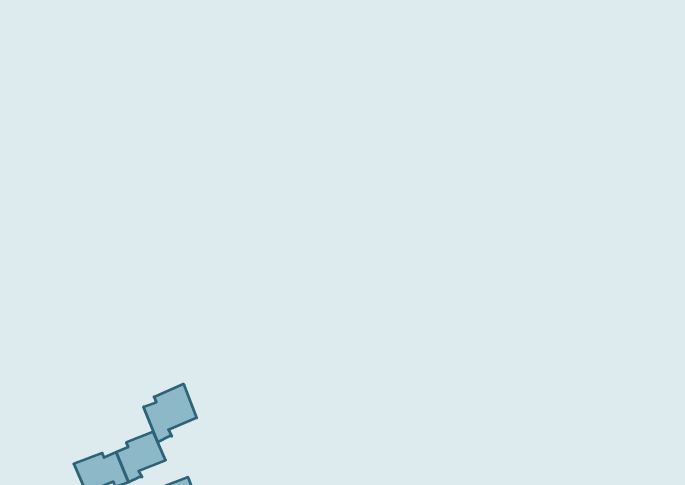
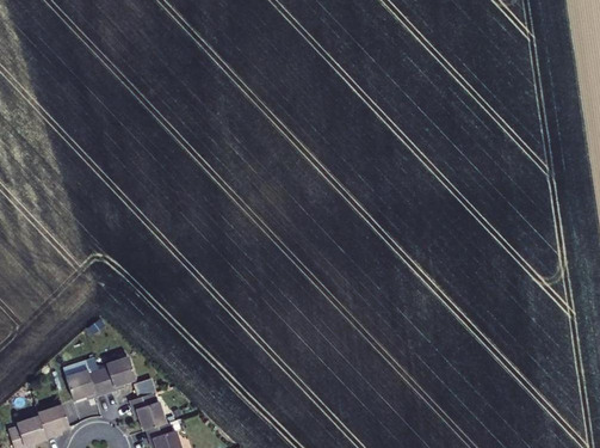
building: [144,384,197,442] -> none

